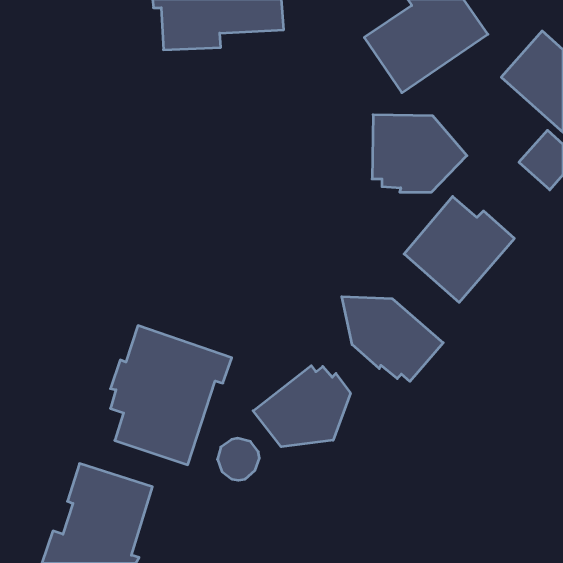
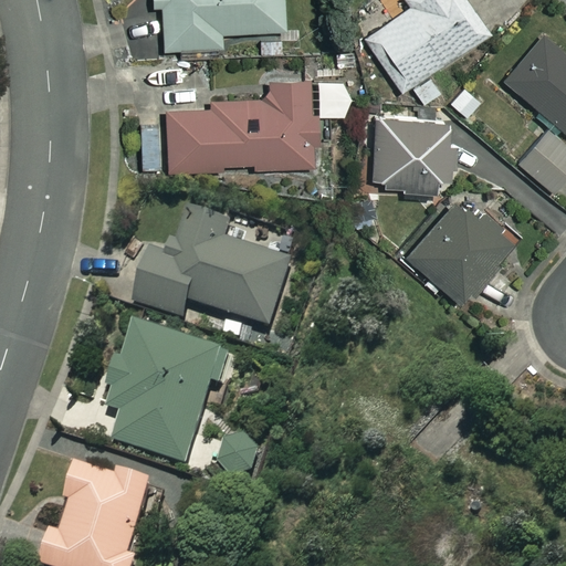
building: none -> [166,78,316,174]
building: none -> [136,210,295,329]
building: [342,297,443,381] -> none
building: [253,366,350,447] -> none

